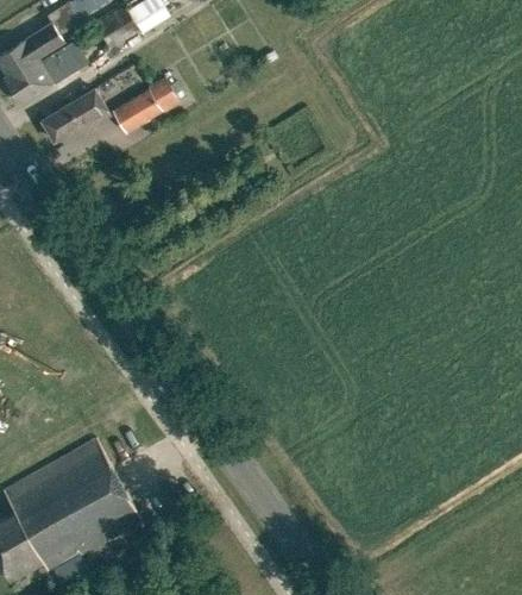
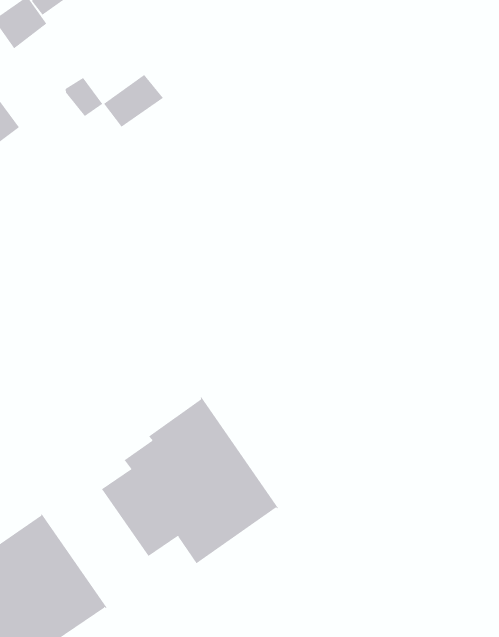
building: [112,89,163,132] -> [103,74,164,128]
building: none -> [101,396,279,564]

